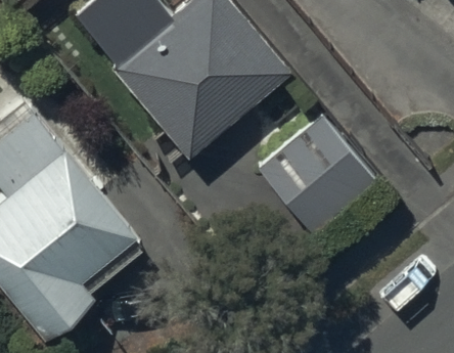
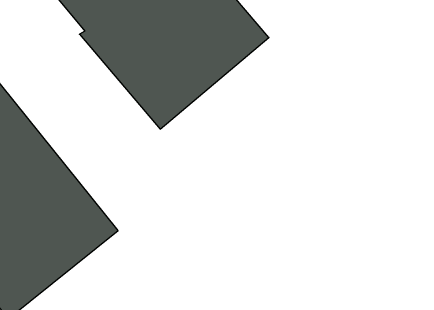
building: [259,116,377,235] -> none

